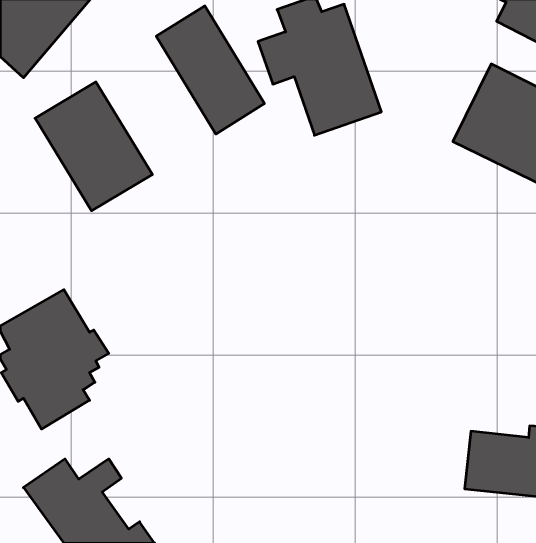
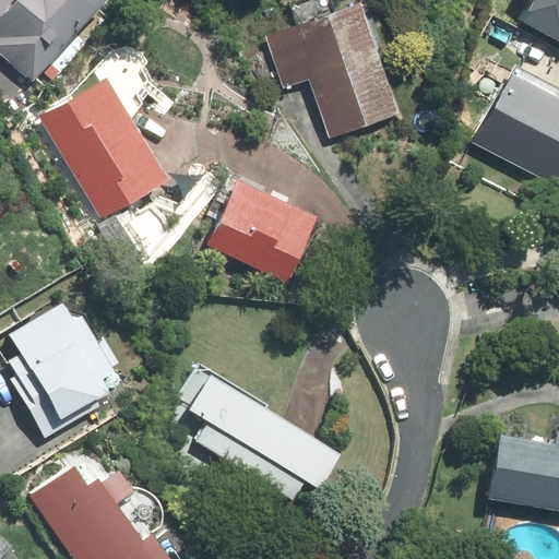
building: [156,6,264,134] -> none
building: none -> [205,176,320,283]
building: none -> [164,364,336,501]

